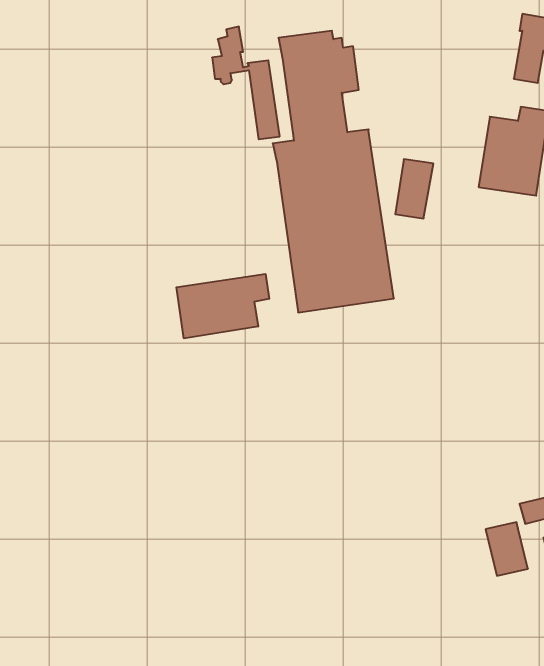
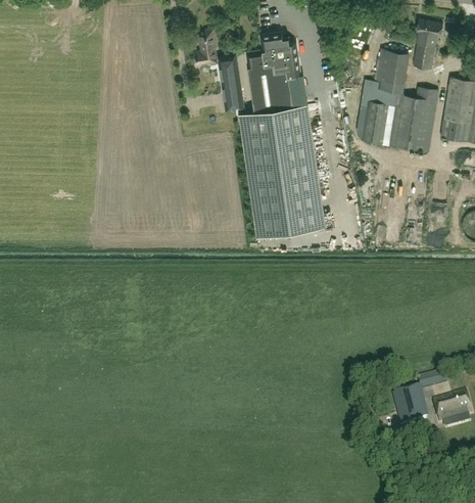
building: none -> [375,50,408,93]
building: [395,159,433,218] -> [361,102,388,145]
building: [176,274,269,338] -> none

